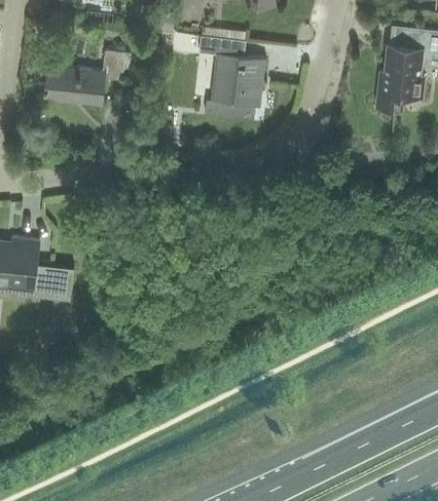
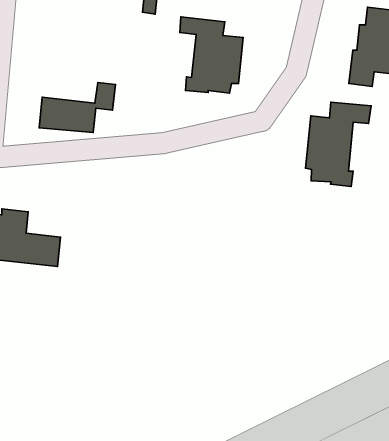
building: [44,51,124,104] -> [39,83,116,133]
building: none -> [305,102,371,187]

